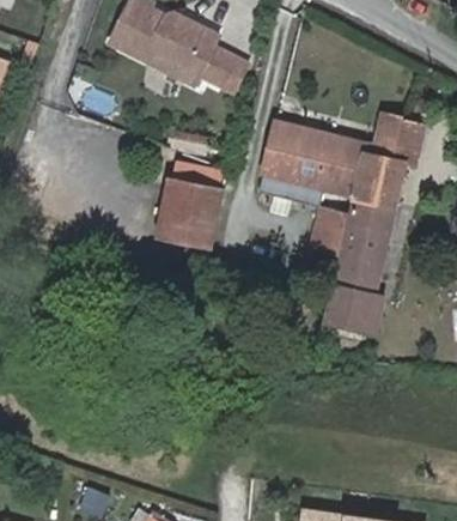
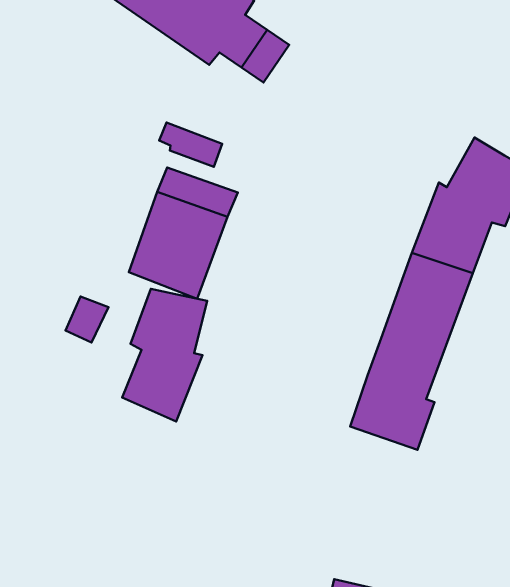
building: [262,122,366,196] -> none
building: [310,208,351,259] -> none
building: none -> [122,289,207,422]

